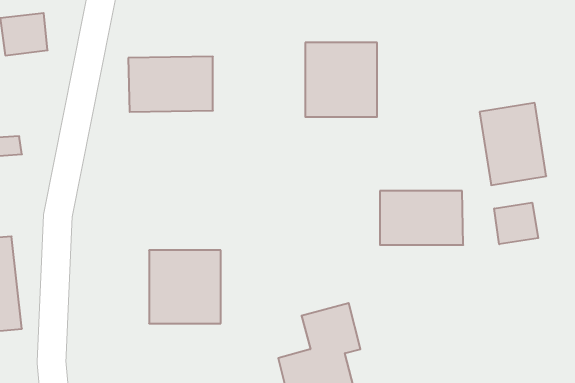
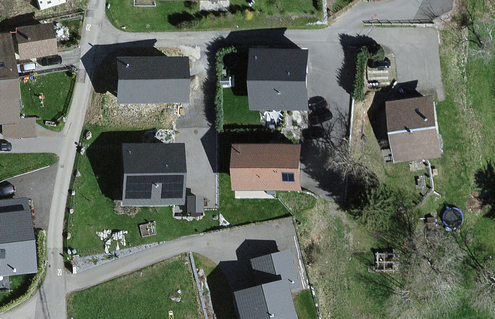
building: [380,191,463,245] -> [237,145,302,187]
building: [494,203,538,244] -> none
building: [149,250,221,323] -> [121,147,177,204]

